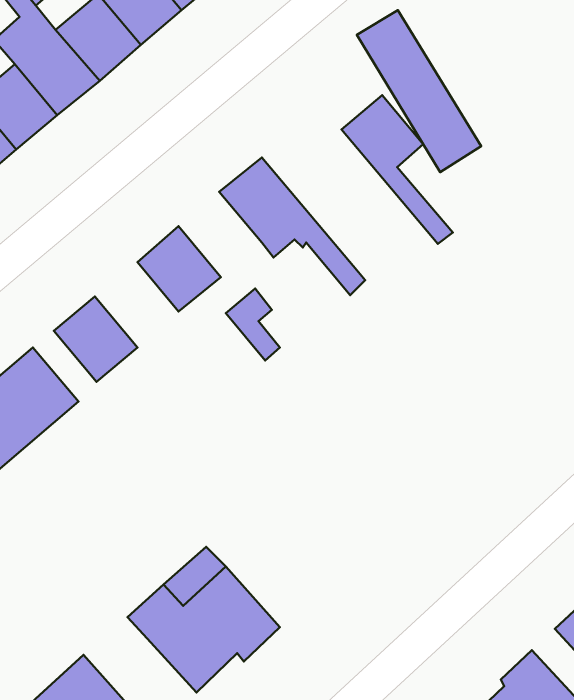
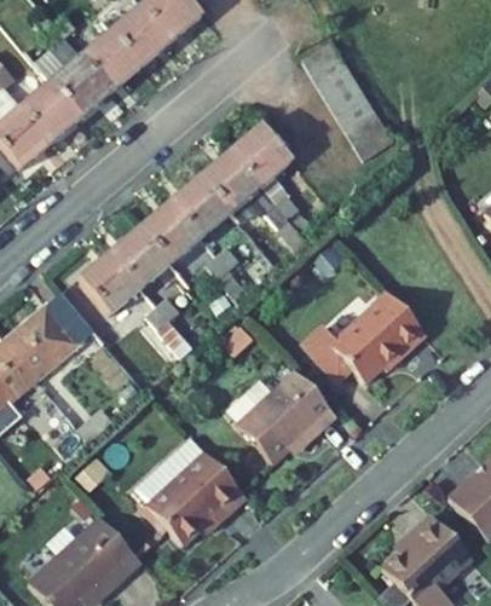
building: [341,95,453,244] -> [232,123,314,233]
building: none -> [171,174,232,237]
building: none -> [109,226,171,289]
building: none -> [311,290,424,382]
building: none -> [146,298,190,354]
building: none -> [237,370,336,463]

